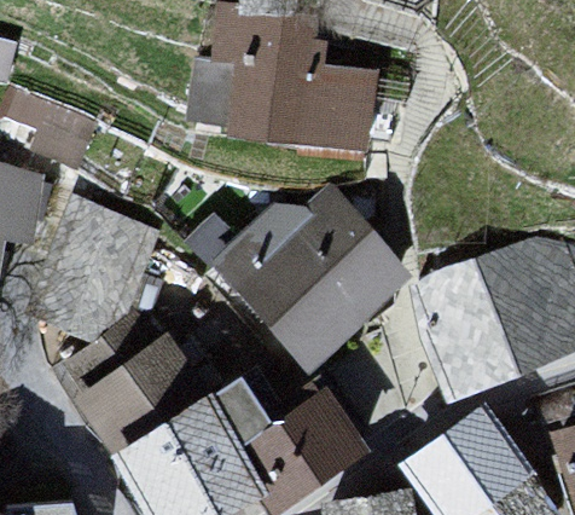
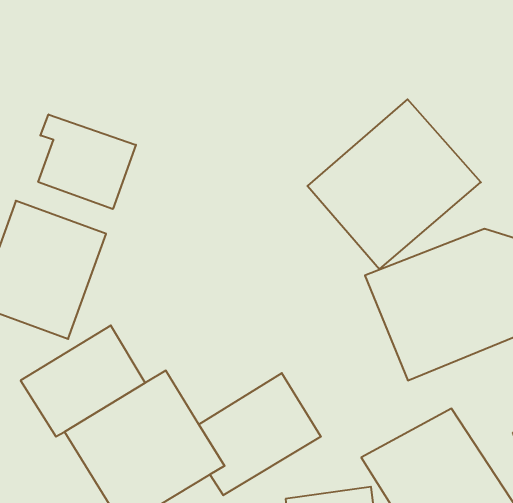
building: [190,28,373,150] -> none
building: none -> [38,114,136,209]
building: [231,185,402,353] -> [307,99,481,269]

